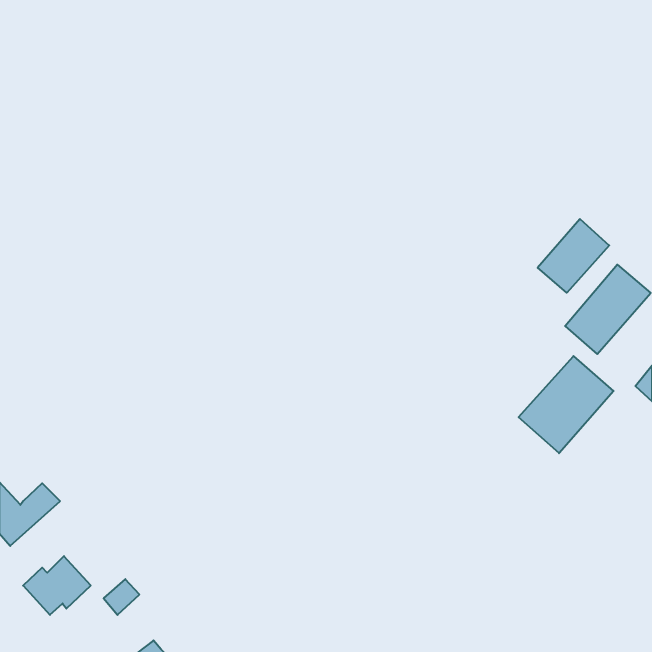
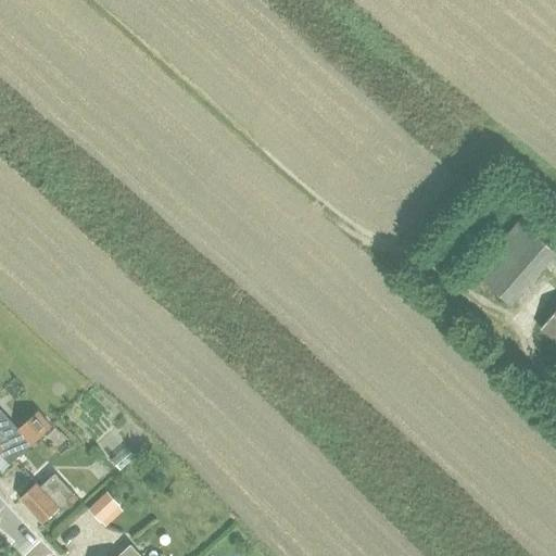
building: [538,219,609,293] -> none
building: [519,356,614,453] -> none

